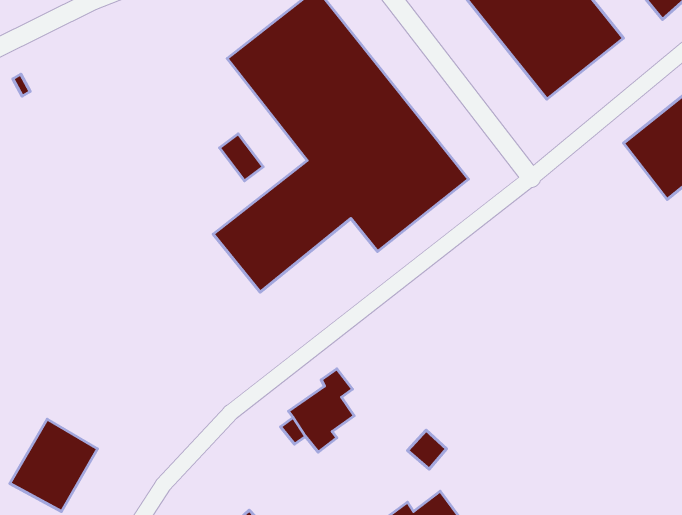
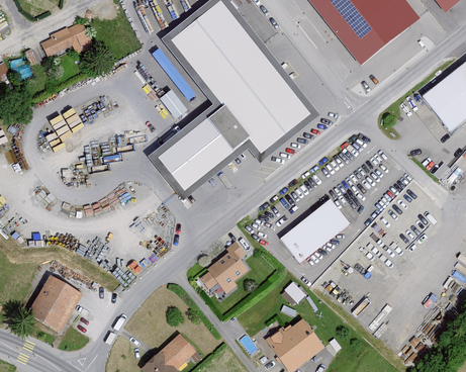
building: none -> [40,20,94,57]
building: none -> [279,198,349,263]

